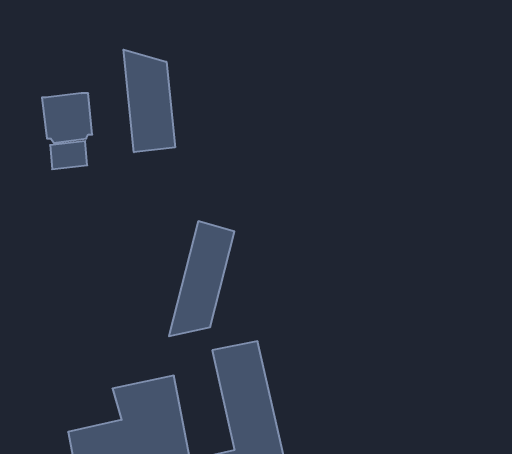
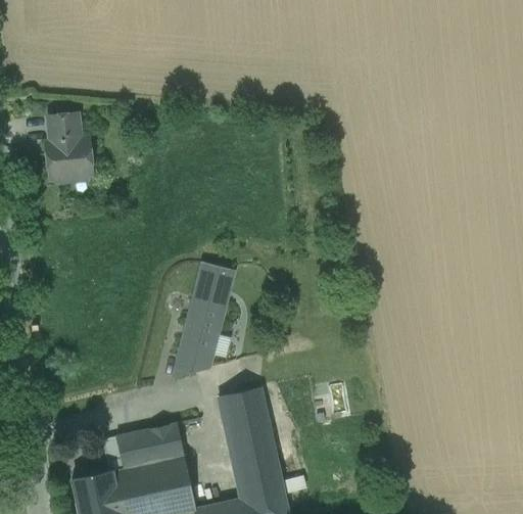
building: [123,50,175,152] -> none
building: [50,141,87,169] -> [45,111,83,140]

